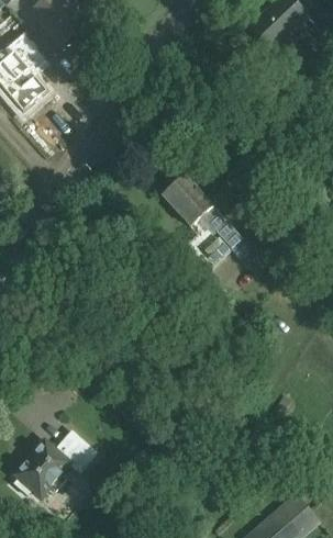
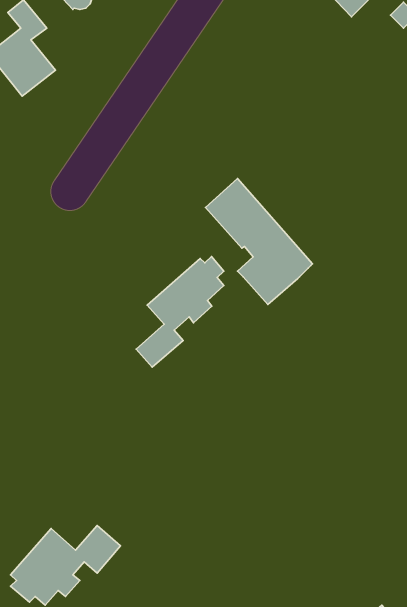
building: none -> [136,256,224,367]

